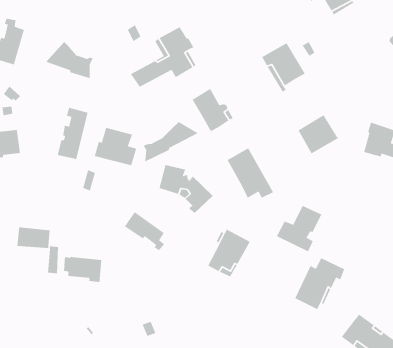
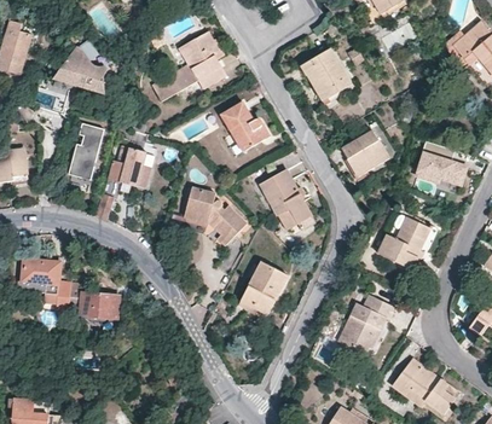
building: [142,121,199,163] -> none
building: [276,205,322,252] -> [377,216,430,271]
building: [124,211,165,251] -> none

